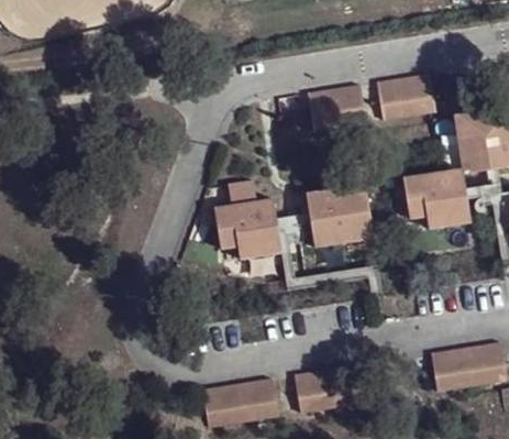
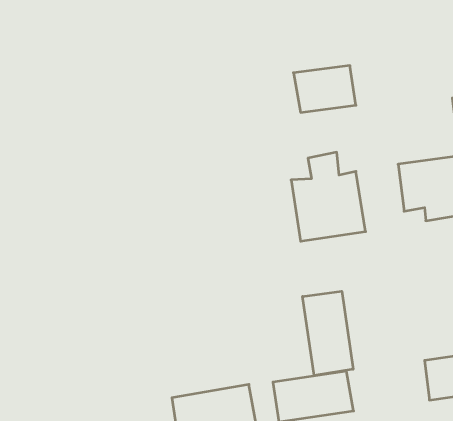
building: [384,76,440,120] -> none
building: [220,179,286,260] -> none
building: none -> [303,291,353,376]

